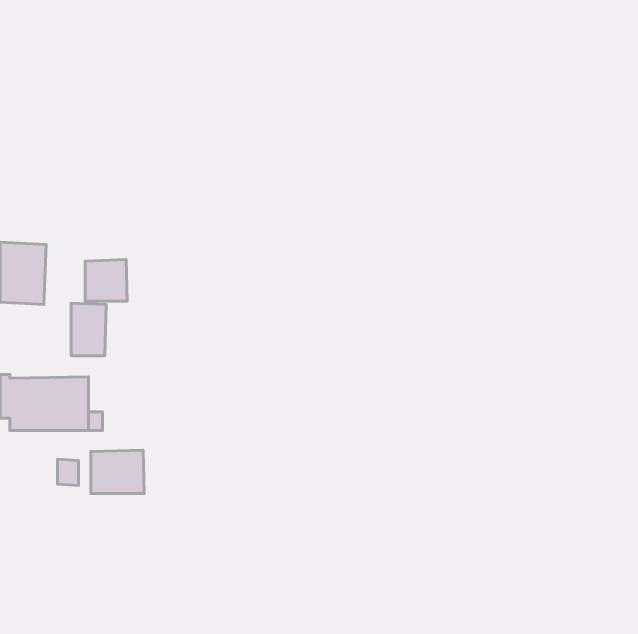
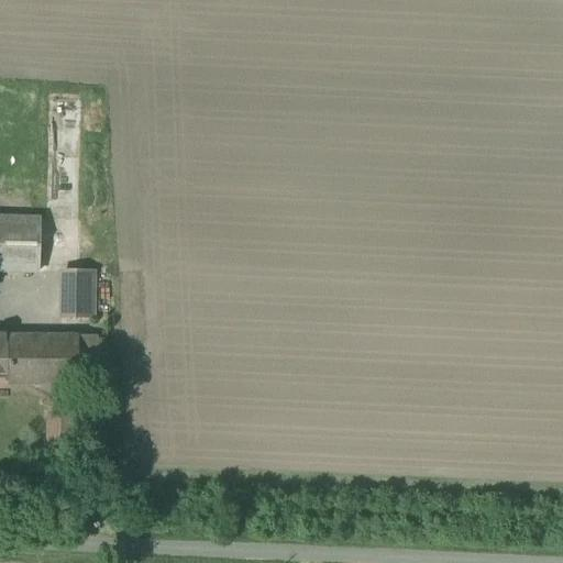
building: [85,260,127,301] -> none
building: [91,450,144,493] -> none

